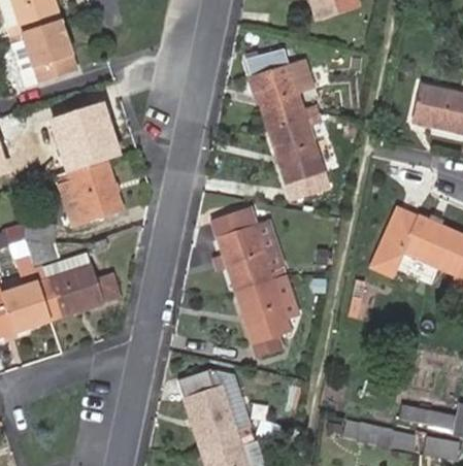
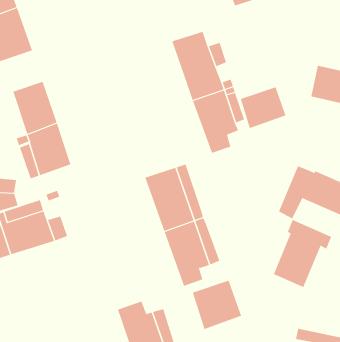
building: none -> [240,86,286,129]
building: none -> [273,219,332,288]
building: none -> [192,280,242,330]

